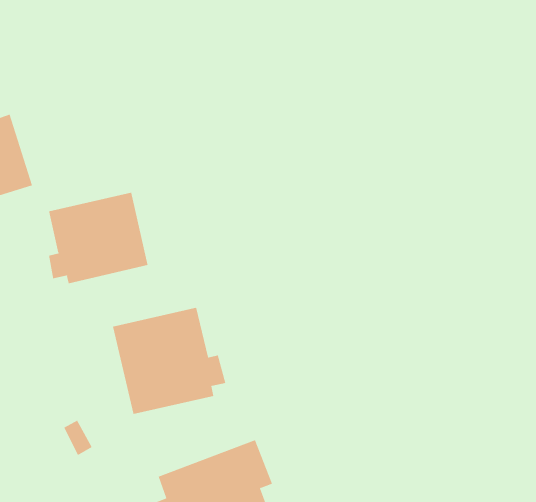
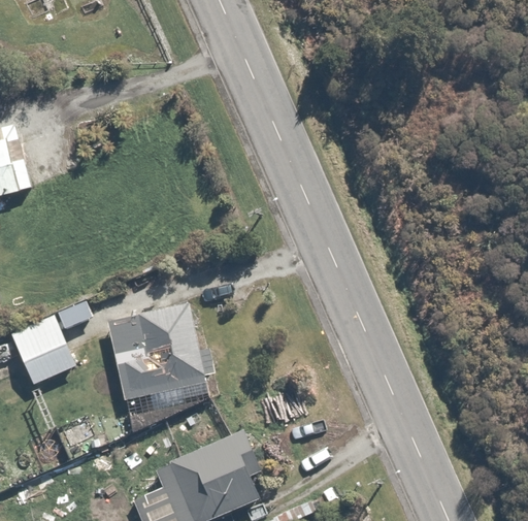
building: [48,192,148,284] -> none
building: none -> [9,315,75,386]

